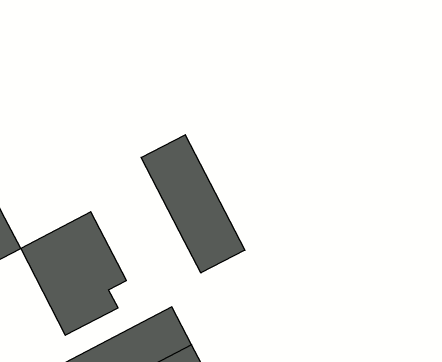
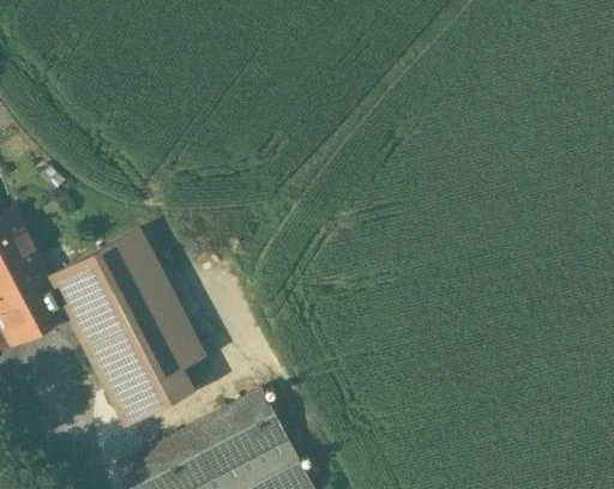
building: [141,135,245,273] -> none
building: none -> [49,233,158,316]

